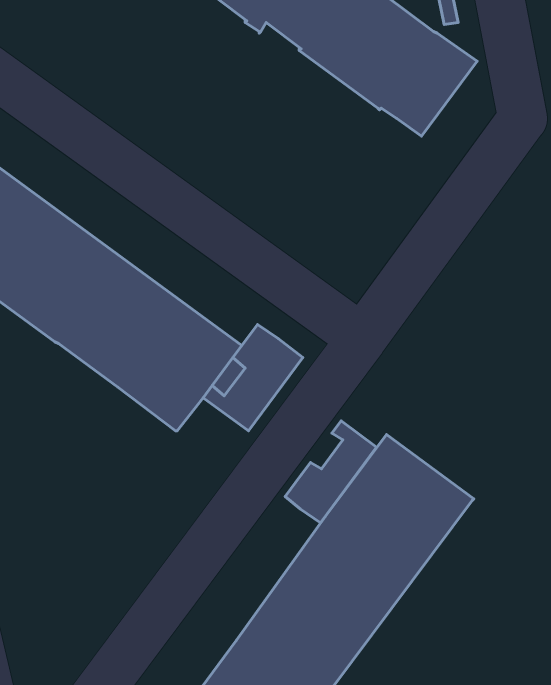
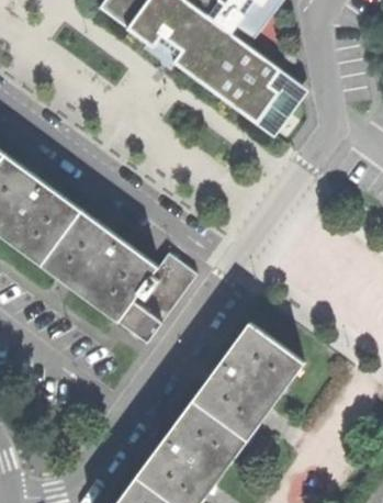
building: none -> [117,299,162,342]
building: [285,421,376,523] -> none

